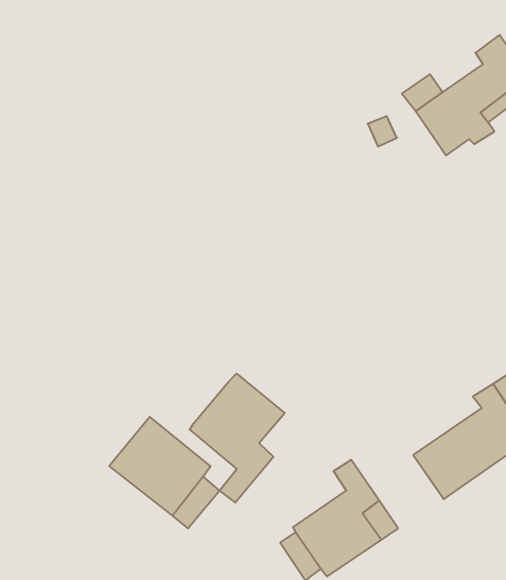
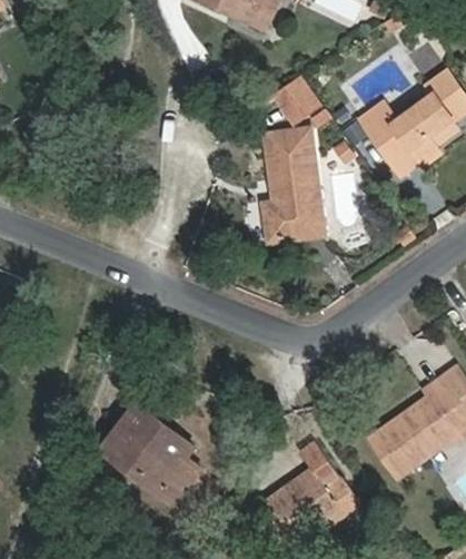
building: none -> [277,77,320,121]
building: none -> [262,129,323,241]
building: [190,374,285,503] -> none

